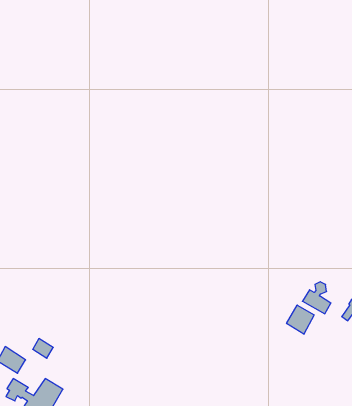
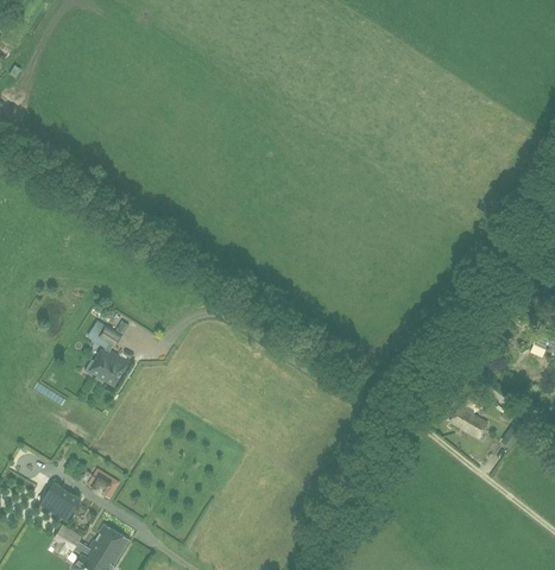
building: none -> [84,322,128,386]
building: [287,305,314,334] -> none

